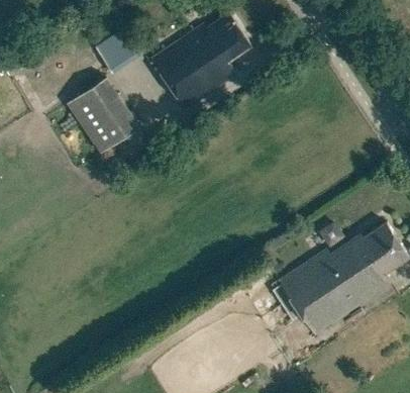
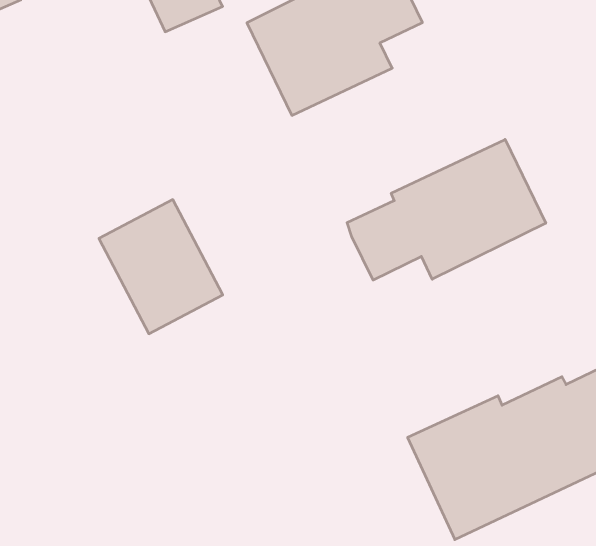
building: [59,74,133,152] -> [99,200,223,334]
building: none -> [347,139,546,280]

